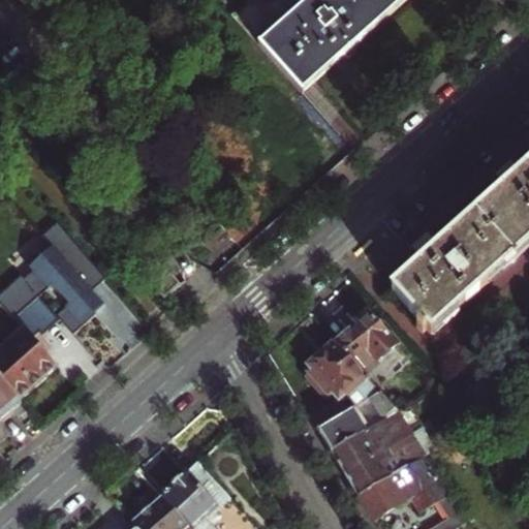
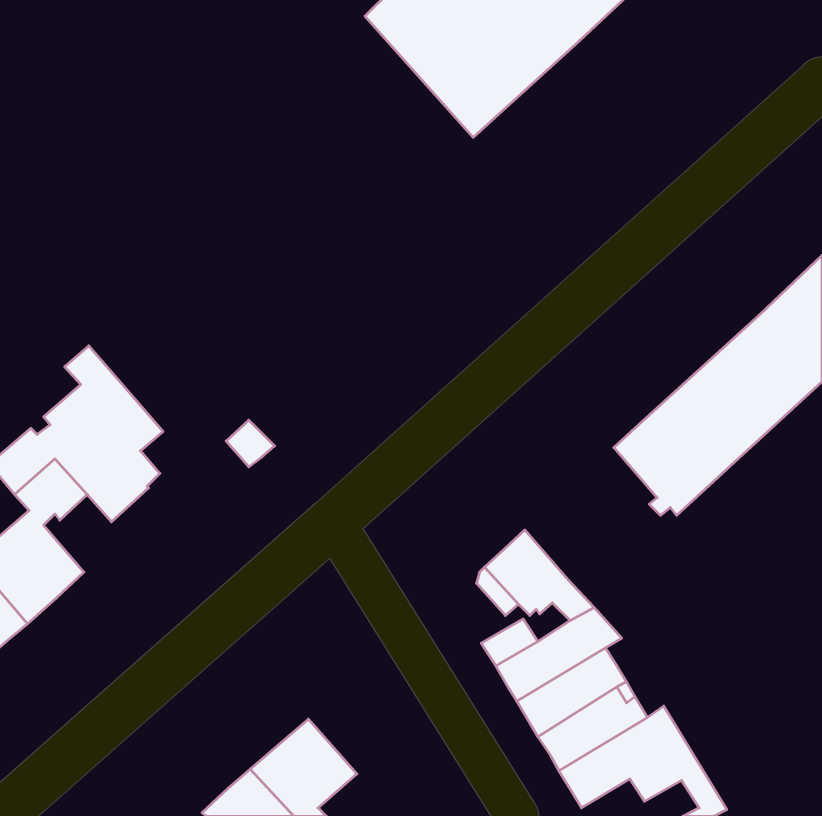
building: [336,308,396,371] -> none

